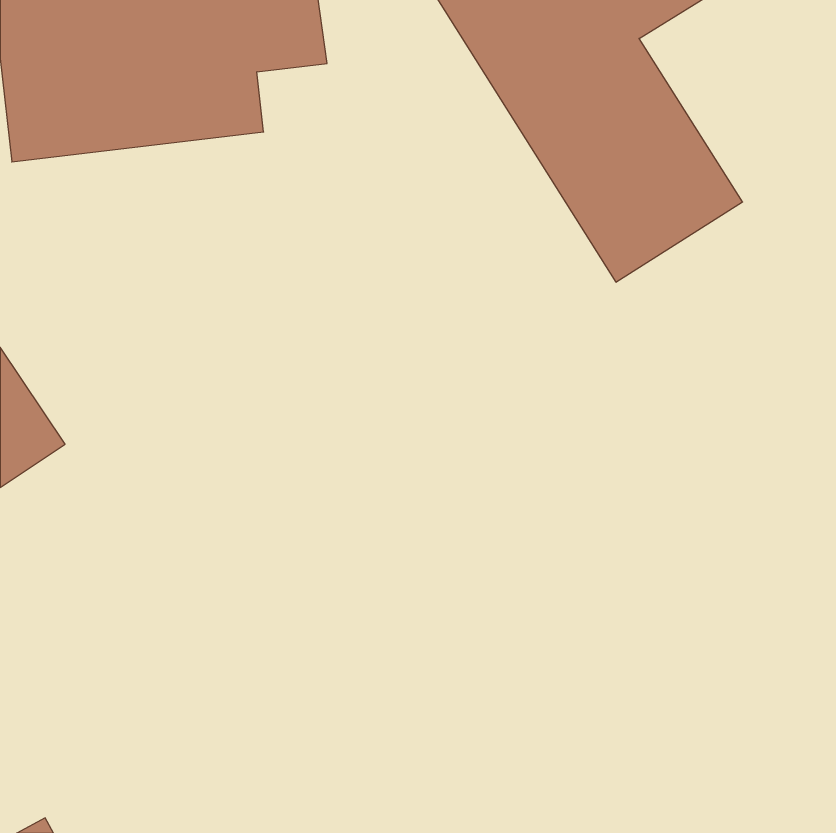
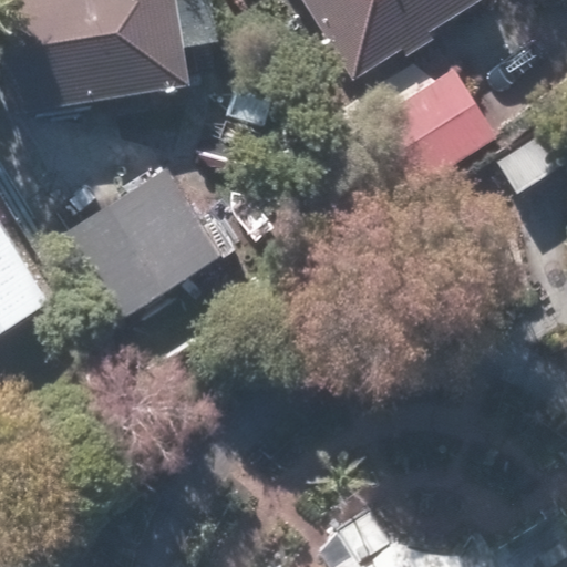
building: none -> [61,155,233,322]

